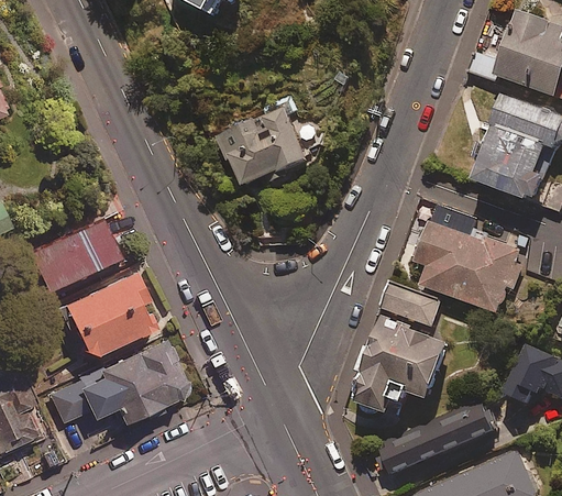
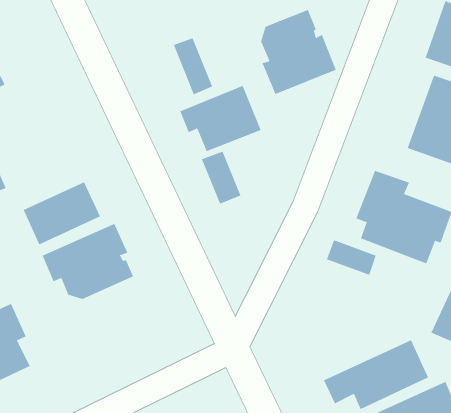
building: none -> [261,9,336,95]
building: none -> [173,38,213,95]
building: none -> [201,151,241,205]
building: [353,318,445,411] -> none
building: [46,338,187,423] -> none

